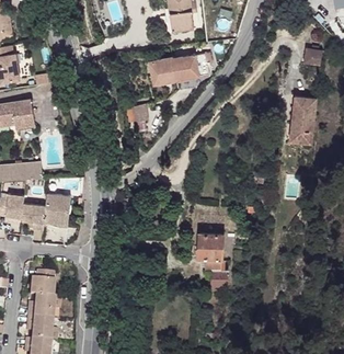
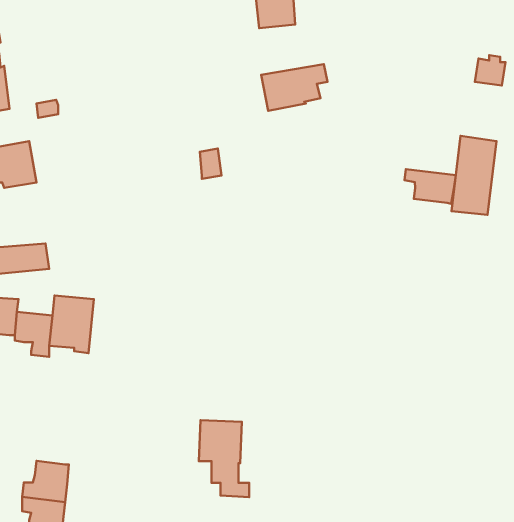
building: [149,56,176,84] -> none
building: none -> [405,169,456,204]
building: [197,232,228,279] -> [199,420,249,497]
building: [28,270,55,296] -> none

